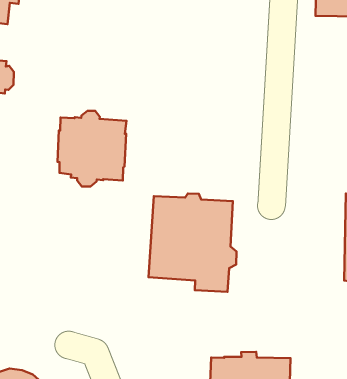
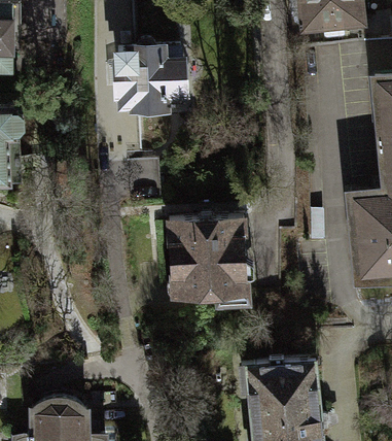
building: [57,111,126,186] -> [118,41,184,114]

